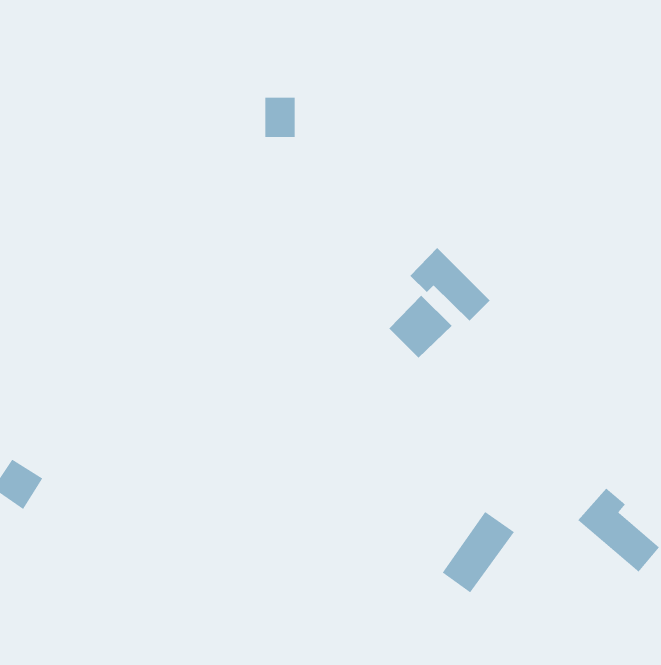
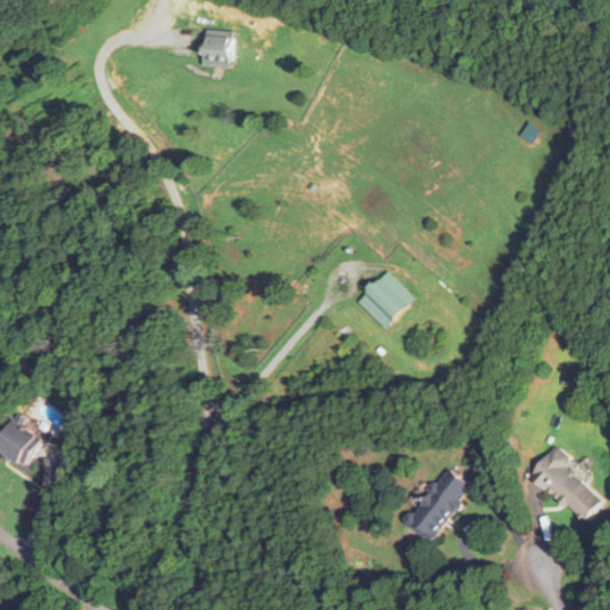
building: [264,97,296,137] -> [201,29,230,66]
building: [409,247,490,321] -> none

